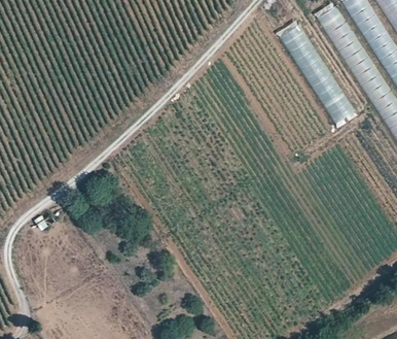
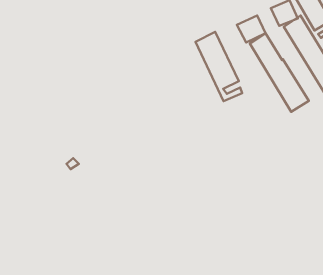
building: none -> [196,32,242,101]

